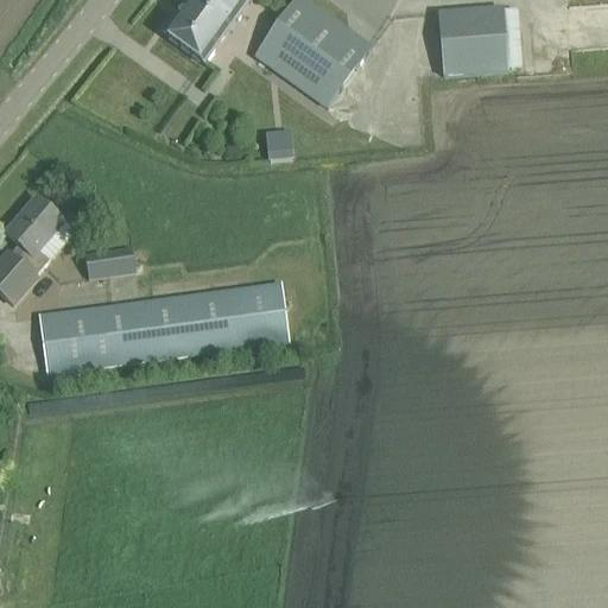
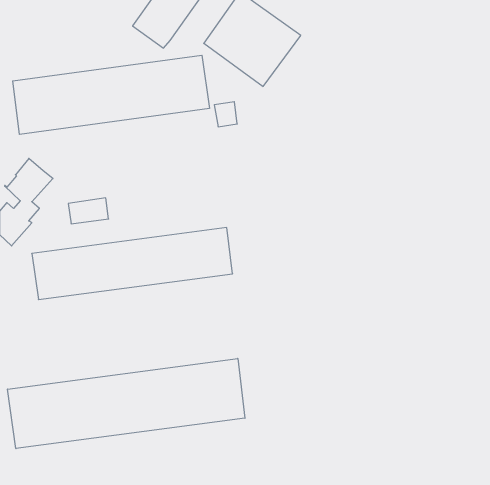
building: [437,5,508,75] -> none
building: none -> [13,55,209,134]
building: none -> [8,358,245,449]

